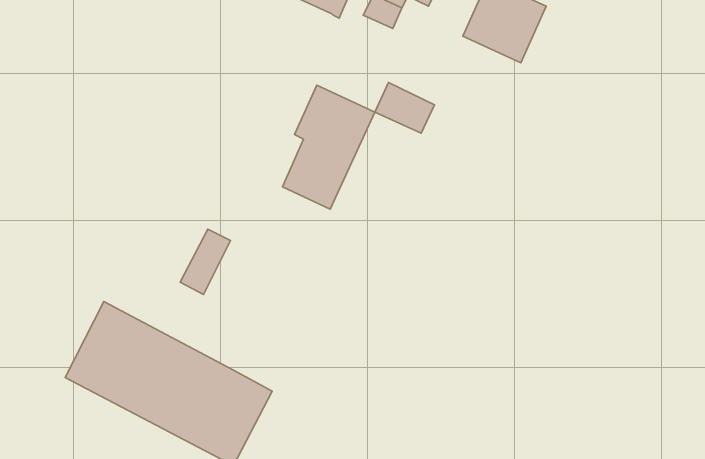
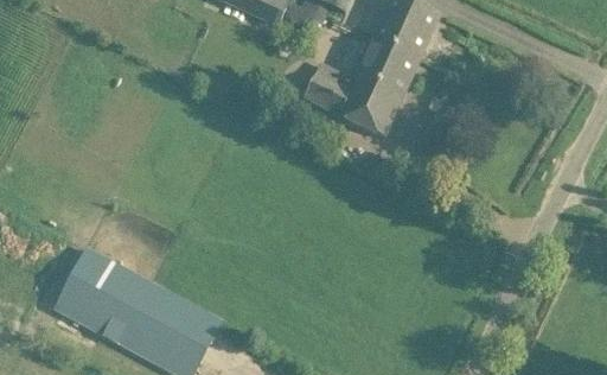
building: [283,85,375,209] -> [345,37,418,135]
building: [180,229,231,295] -> none

